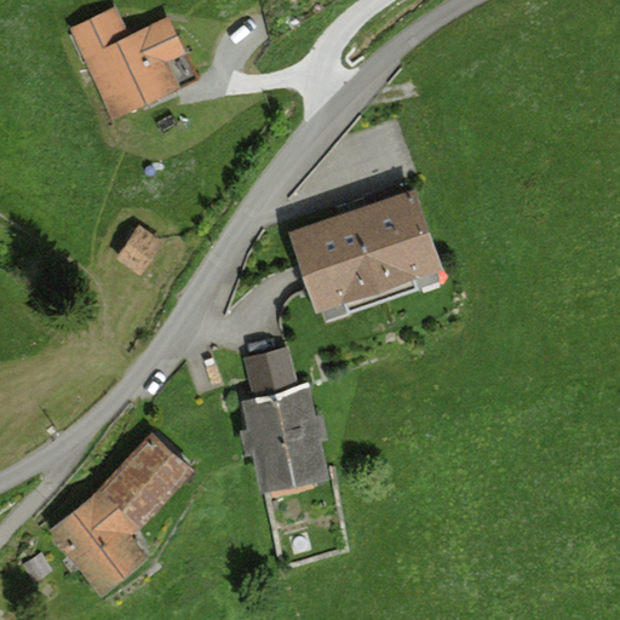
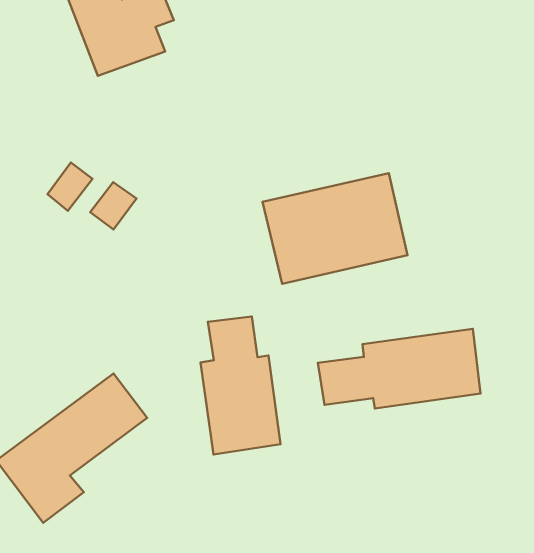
building: none -> [47,163,93,211]
building: none -> [318,329,481,408]

